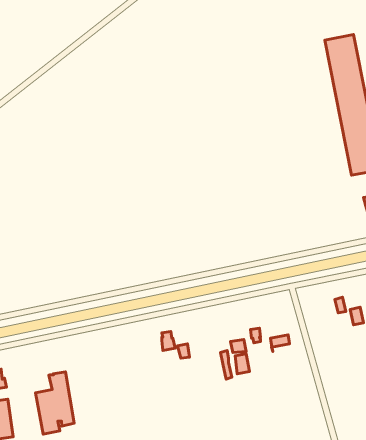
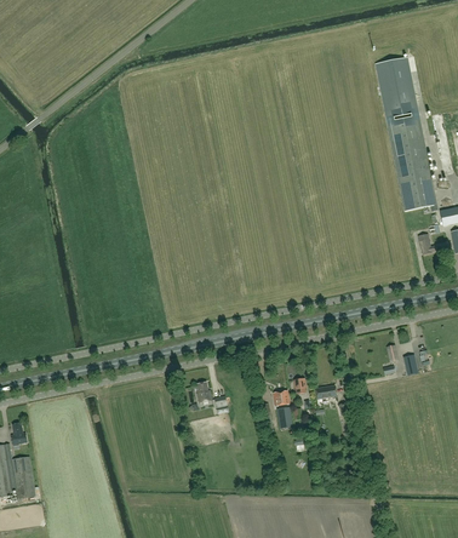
building: [35,372,74,434] -> none

